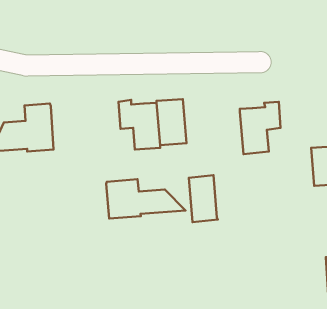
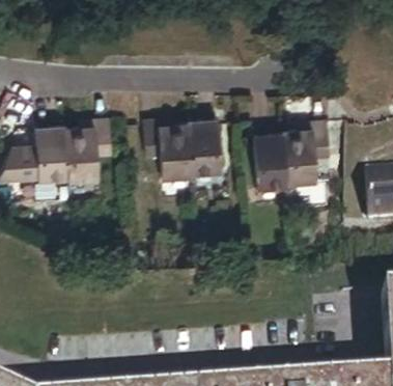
building: none -> [66,114,112,174]
building: [189,175,218,222] -> [255,129,288,183]
building: [106,179,185,219] -> none

